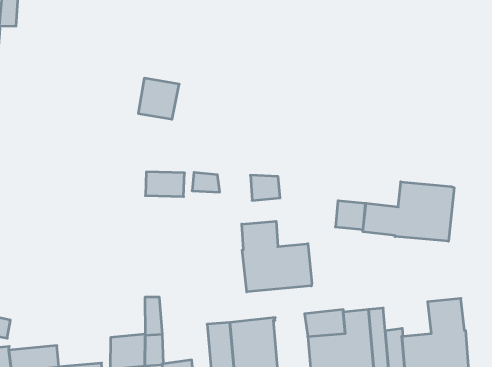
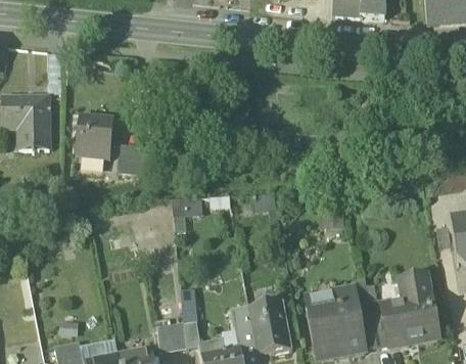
building: none -> [75,113,113,157]
building: [138,78,179,119] -> [119,143,148,173]
building: [363,182,454,241] -> none
building: [242,221,312,292] -> none

